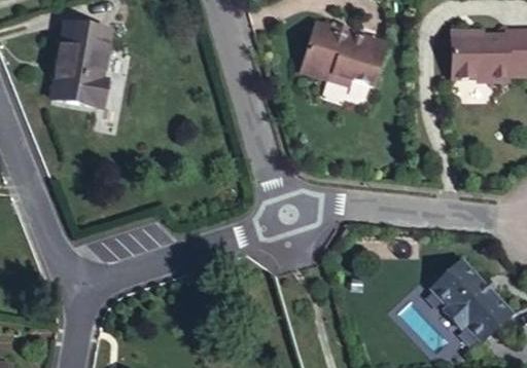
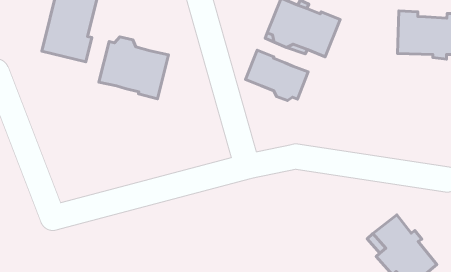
building: none -> [99,37,168,99]
building: none -> [246,50,308,101]

